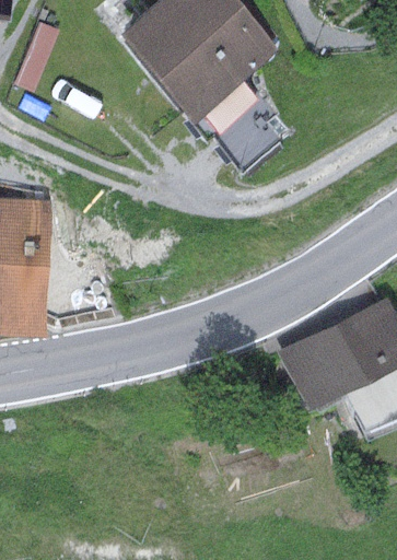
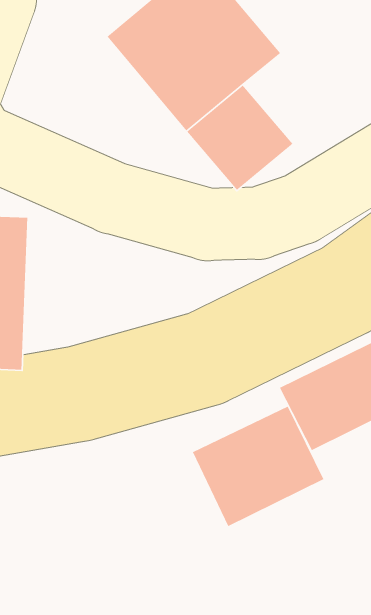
building: none -> [192,405,324,527]

